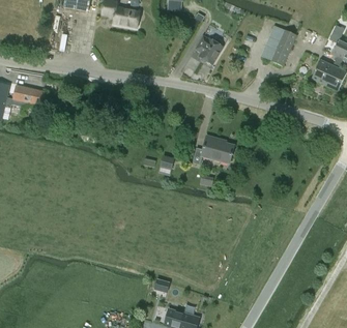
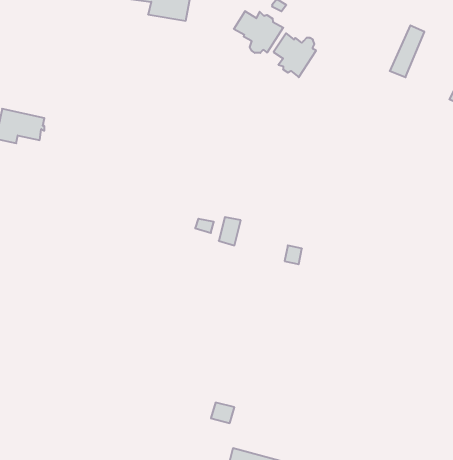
building: none -> [234,11,283,53]
building: [192,135,233,163] -> none

